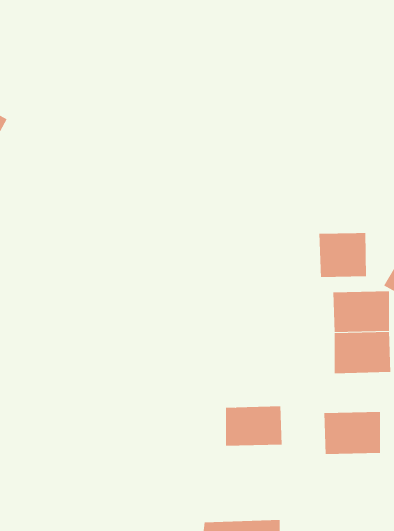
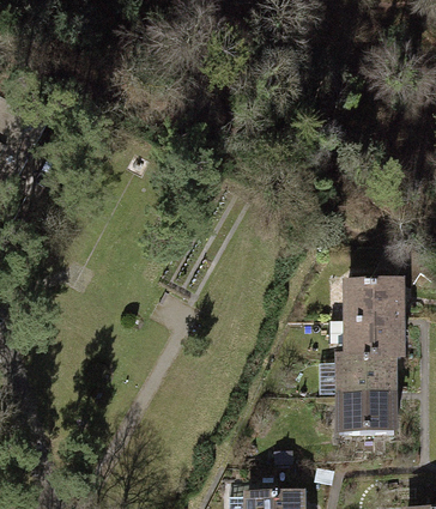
building: [319,232,366,278] -> none
building: [225,406,282,446] -> [337,357,389,394]

